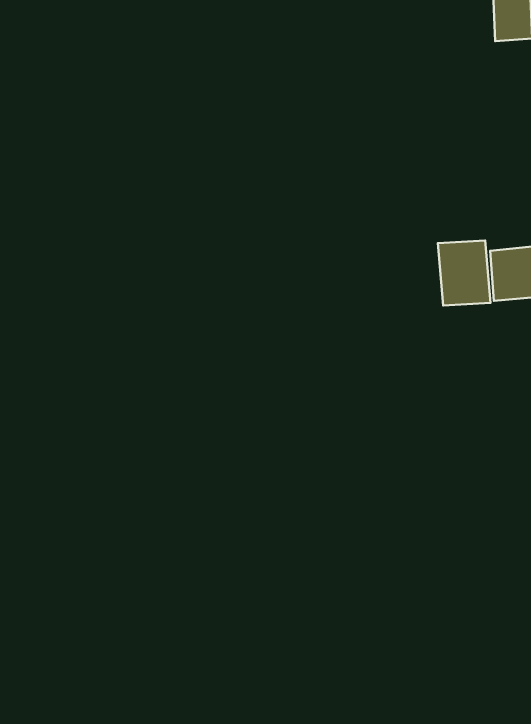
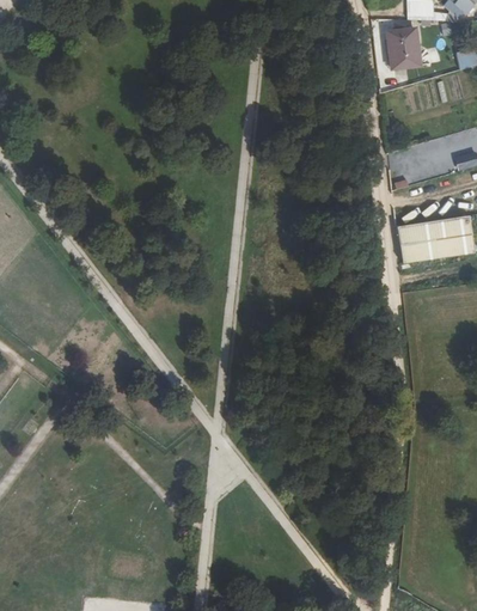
building: [438,241,491,305] -> none

